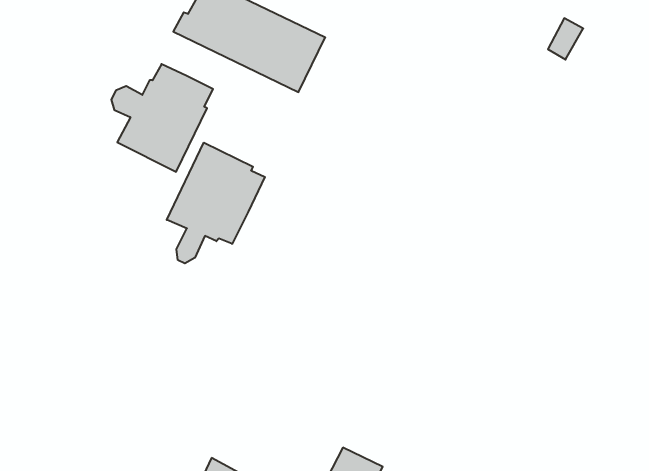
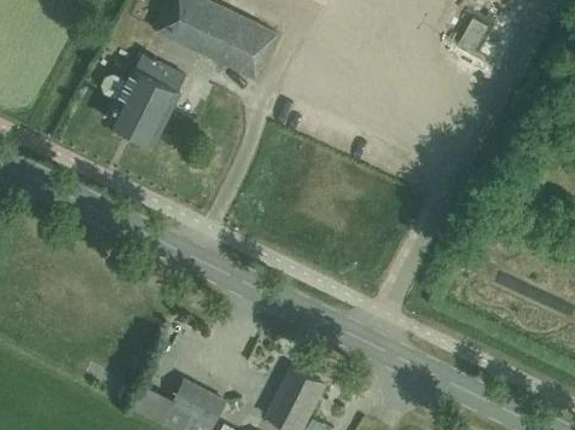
building: [167,143,265,263] -> none

